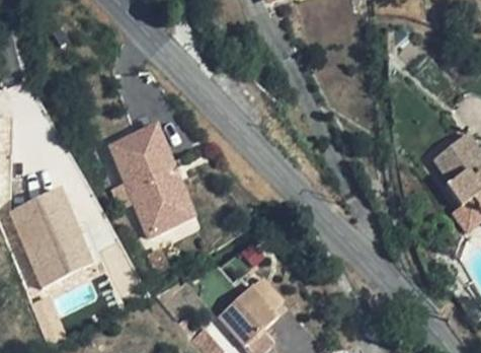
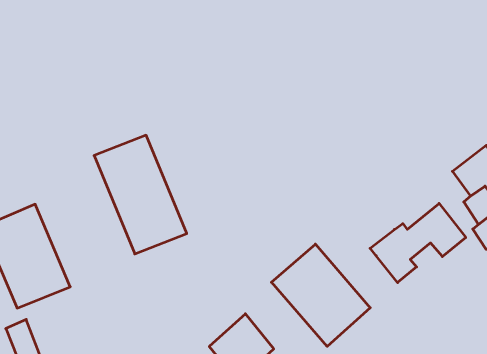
building: none -> [370,203,466,283]
building: none -> [271,244,370,346]

